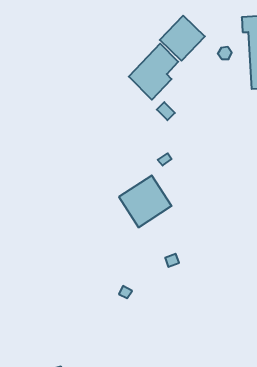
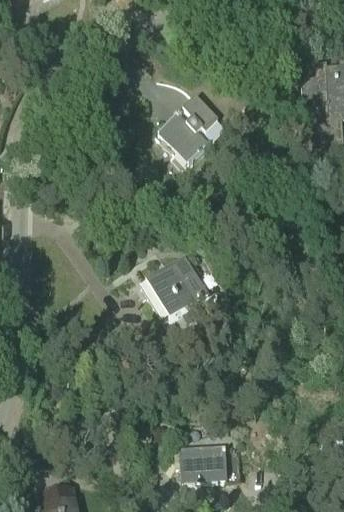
building: [160,16,205,61] -> none
building: none -> [179,444,224,482]

